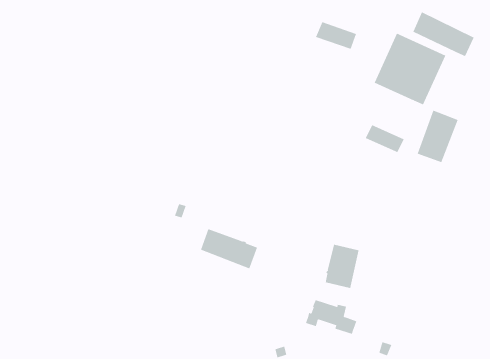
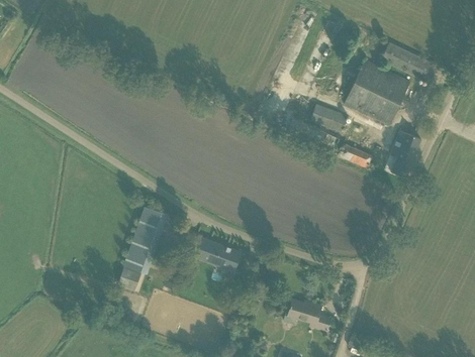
building: [315,21,357,50] -> [311,106,349,131]
building: none -> [119,207,162,290]
building: [325,244,359,289] -> none

